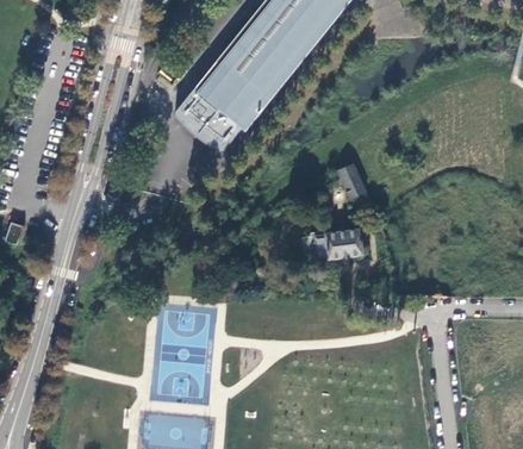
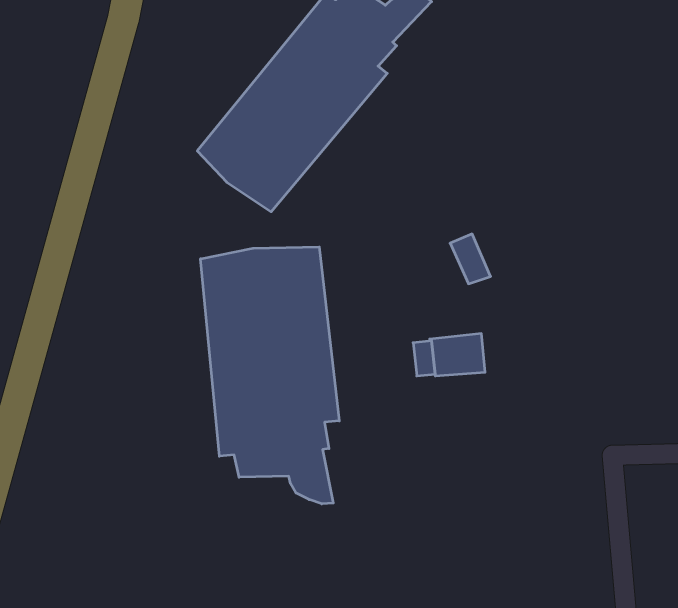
building: none -> [201,247,339,504]

